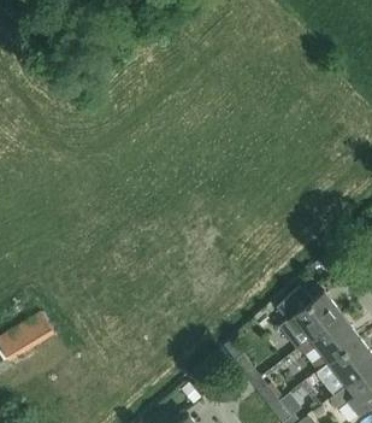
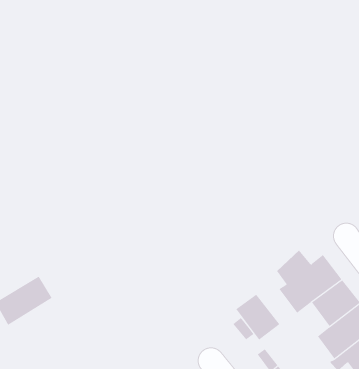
building: none -> [235,294,280,341]

